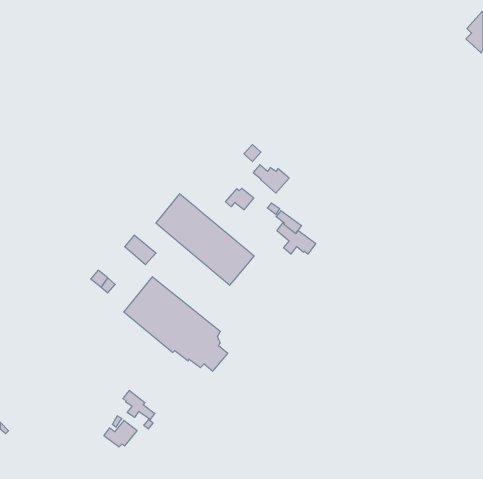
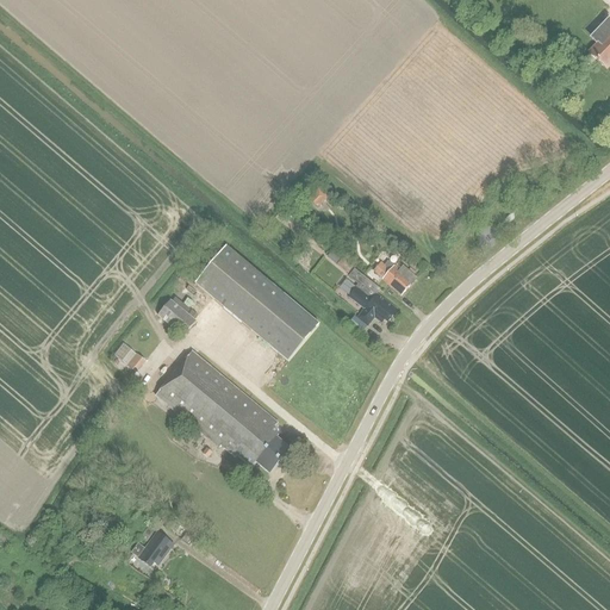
building: [253,165,289,193] -> [372,257,417,293]
building: [225,188,254,210] -> none
building: [123,390,155,419] -> none

